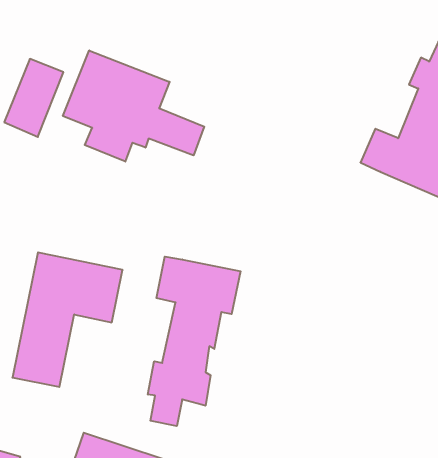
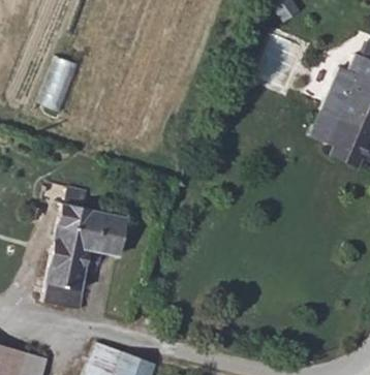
building: [63,50,204,162] -> none
building: [148,257,241,426] -> none

